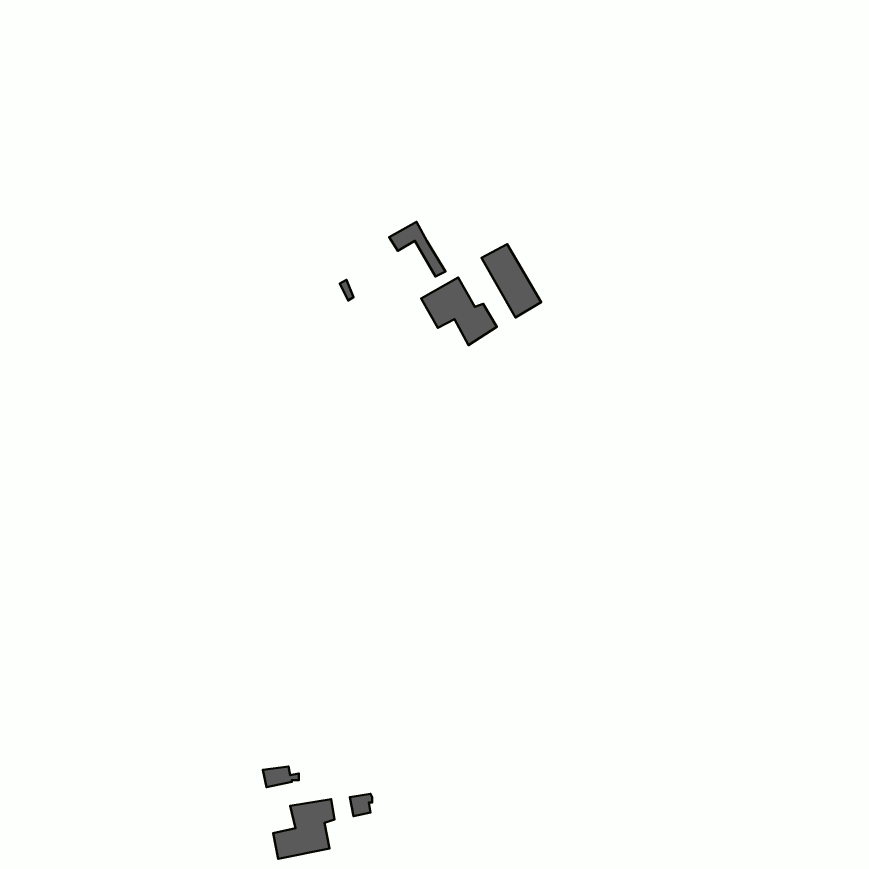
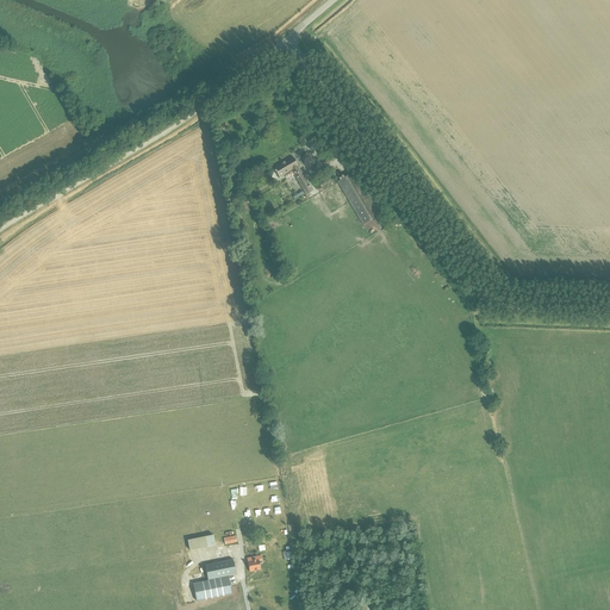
building: [421,277,497,345] -> none

